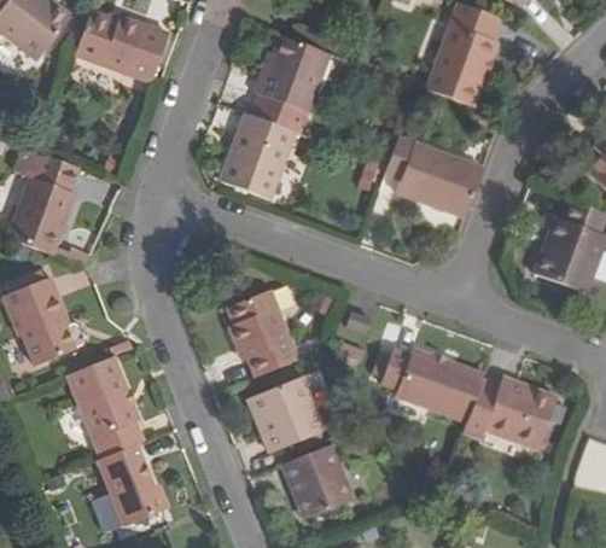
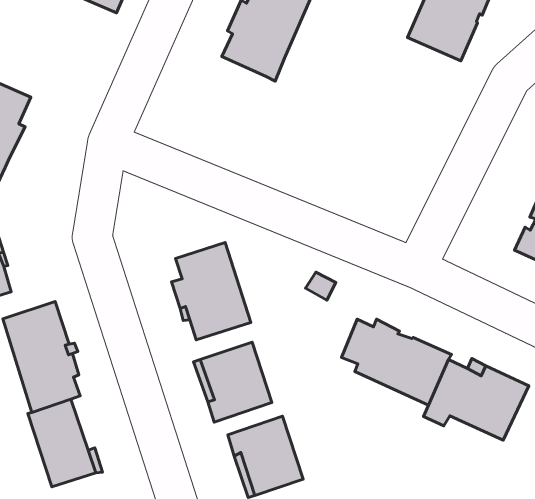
building: [222,113,295,200] -> none
building: [384,135,484,215] -> none

